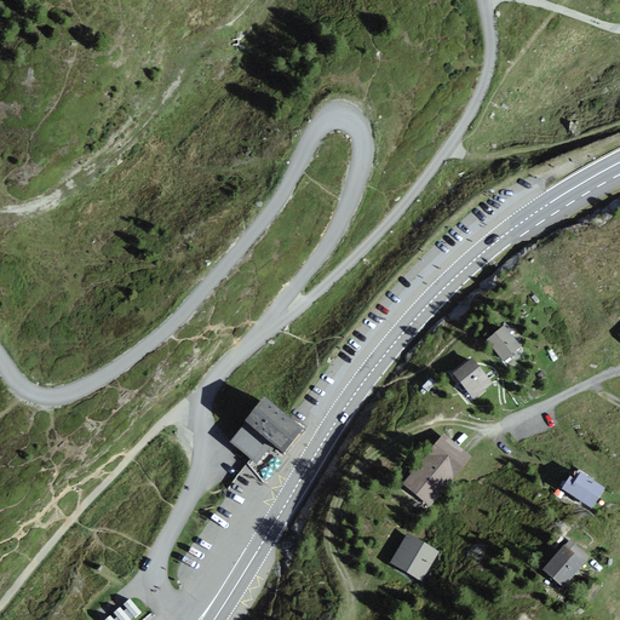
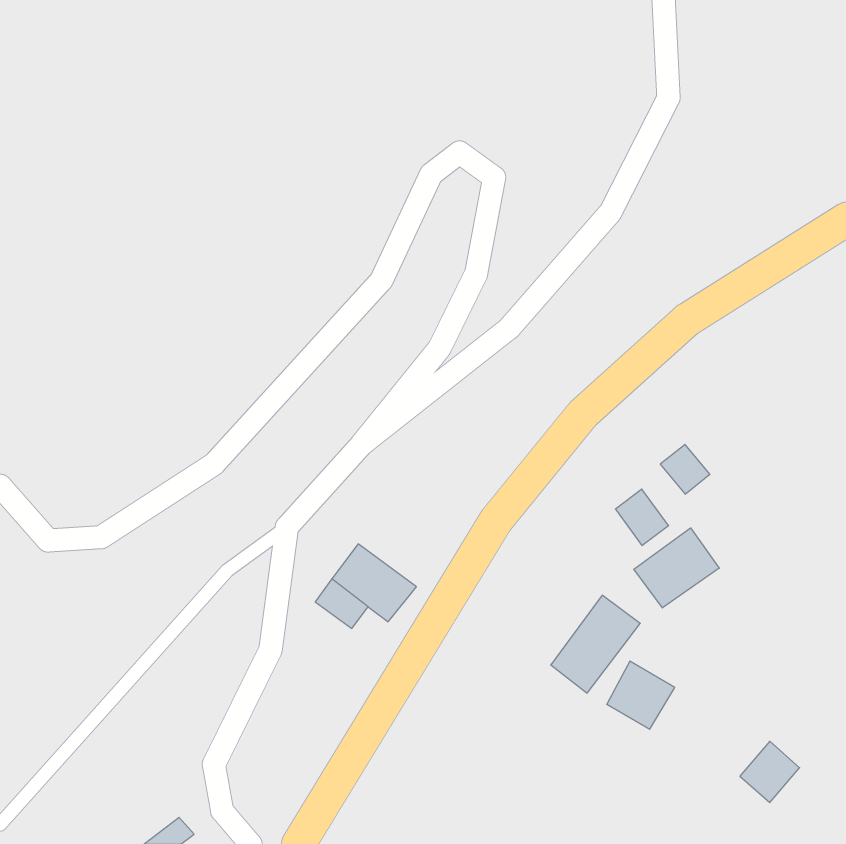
building: none -> [634,528,719,608]
building: [564,471,603,507] -> none
building: [391,532,441,581] -> [607,661,675,729]

